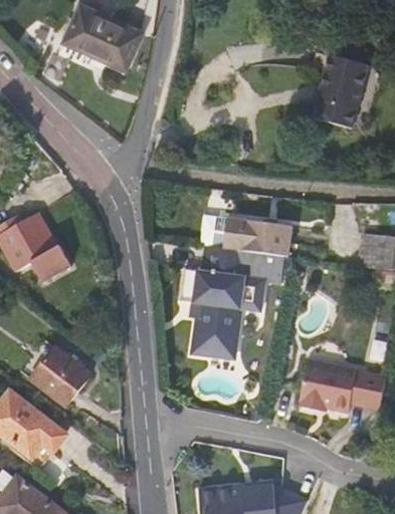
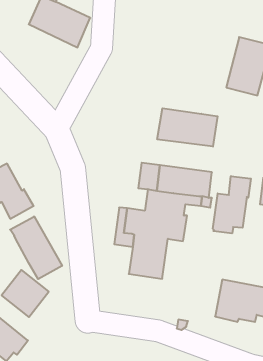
building: none -> [157,108,218,147]
building: none -> [213,176,251,233]
building: none -> [10,216,62,279]

